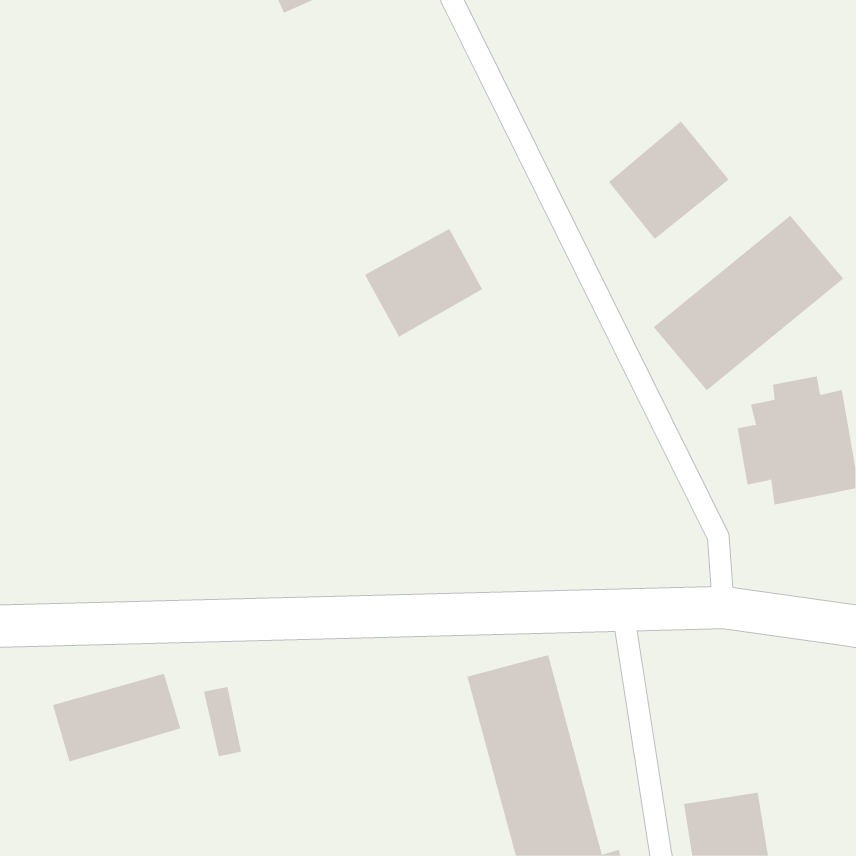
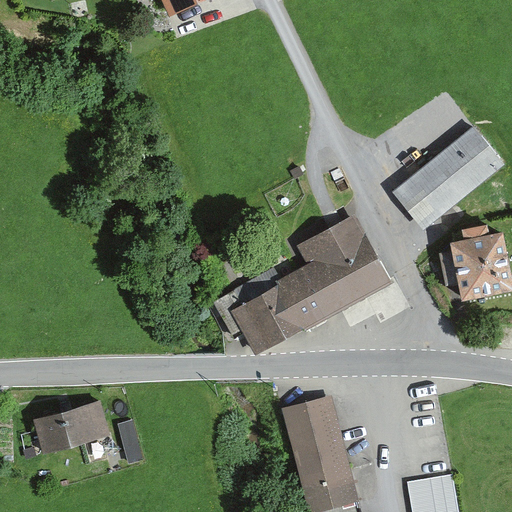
building: [608,120,729,240] -> none
building: [364,228,483,337] -> none
building: none -> [228,217,389,358]

